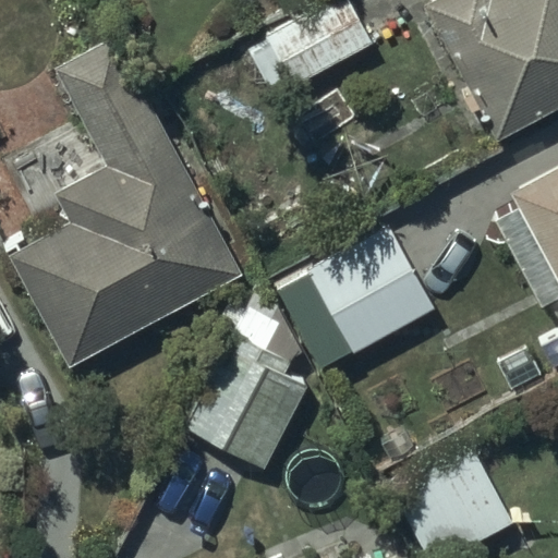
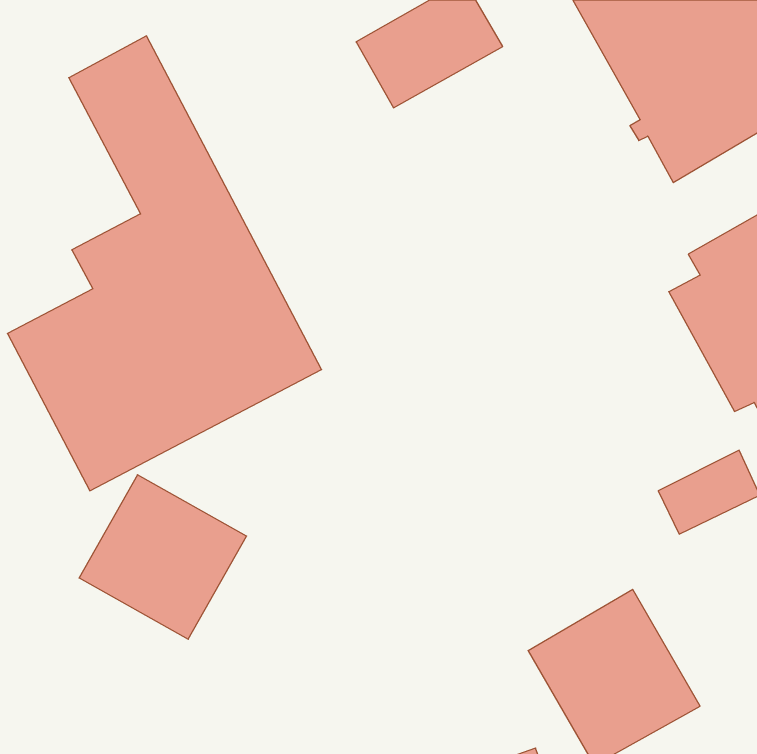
building: [276,227,433,368] -> none
building: [184,350,306,470] -> [79,475,247,639]

